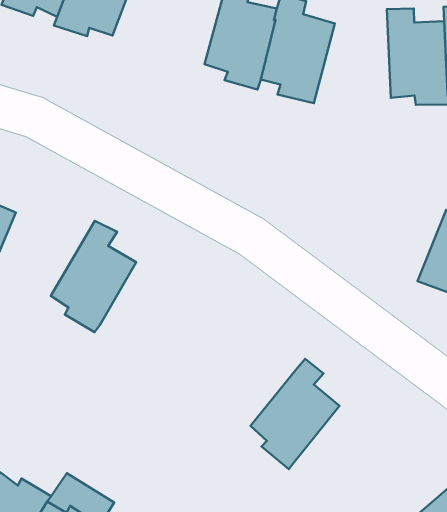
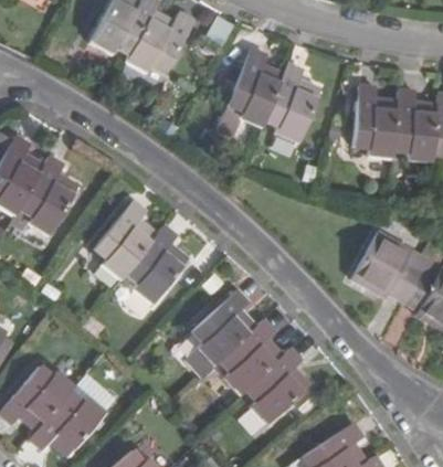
building: none -> [125,225,188,304]
building: none -> [191,289,256,365]
building: none -> [244,348,310,424]

